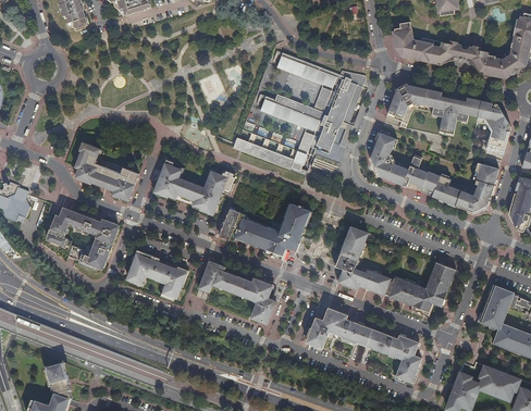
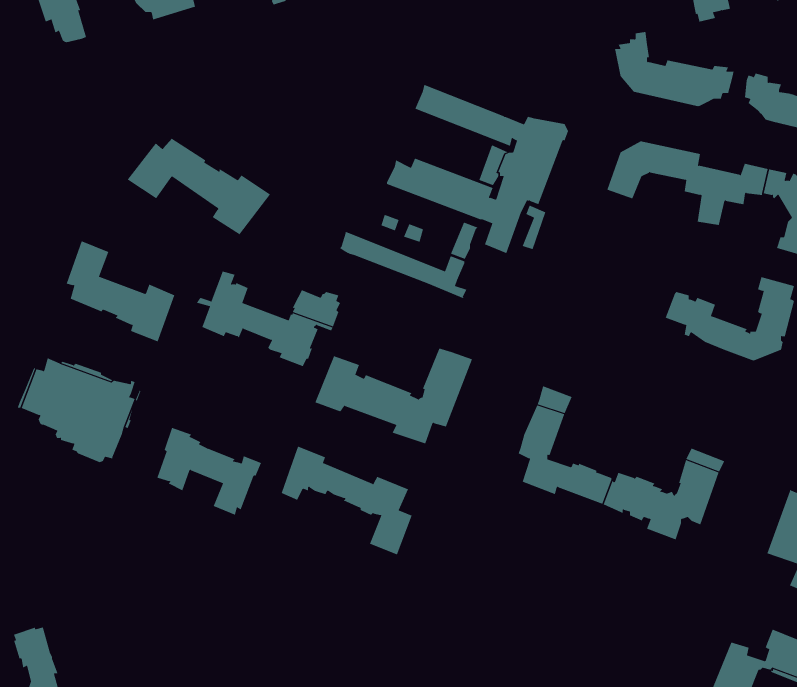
building: none -> [127,138,271,235]
building: [369,132,425,187] -> none
building: [306,306,421,381] -> none

